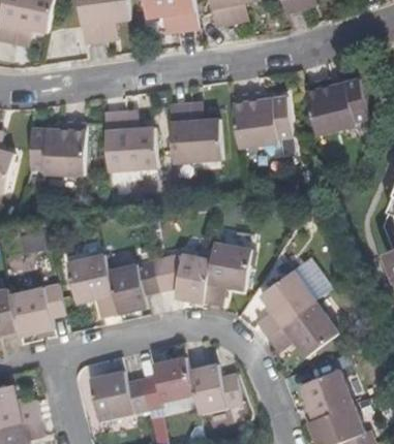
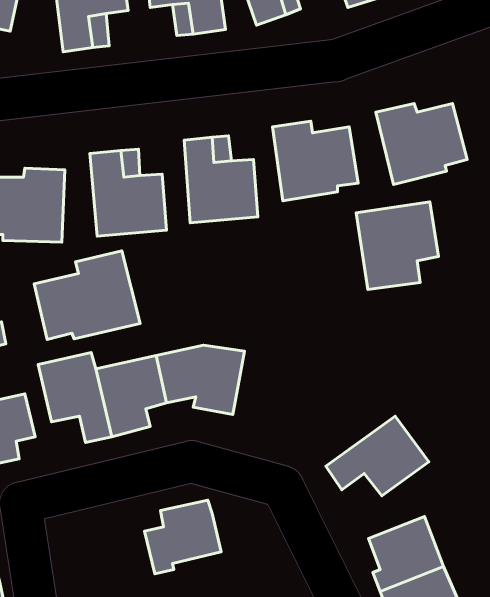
building: none -> [356,202,438,290]
building: none -> [34,251,140,339]
building: [203,239,251,302] -> none
building: [257,269,316,335] -> none
building: [188,361,240,410] -> none
building: [88,372,148,421] -> none

